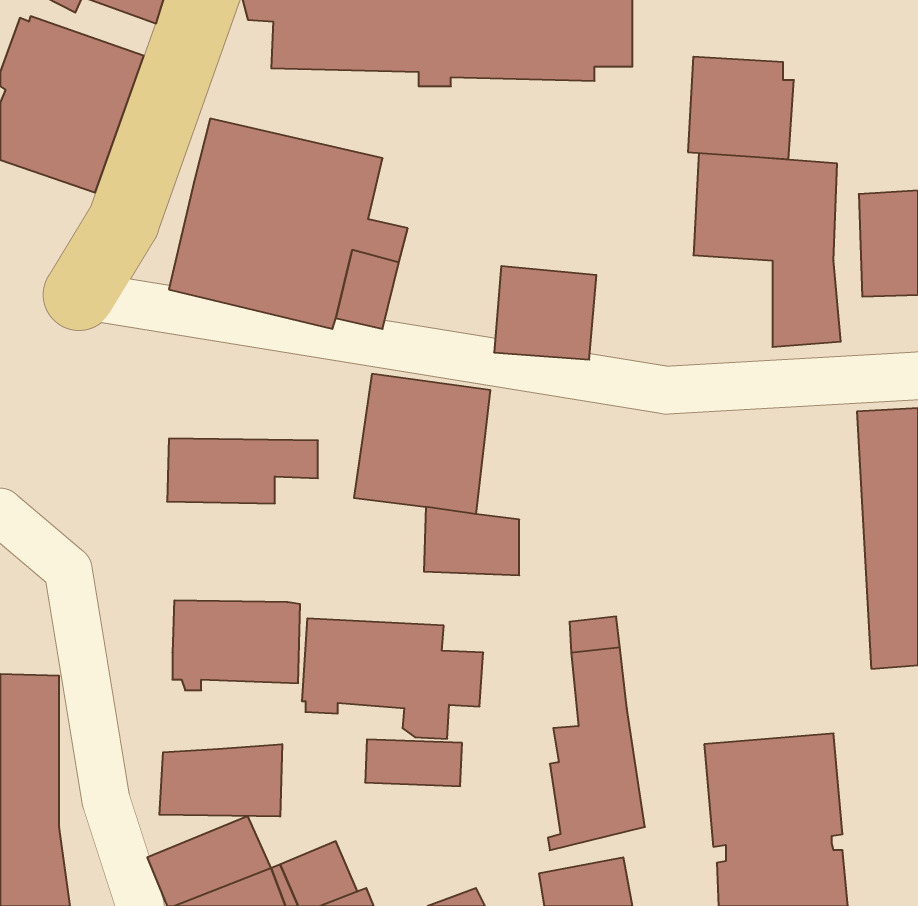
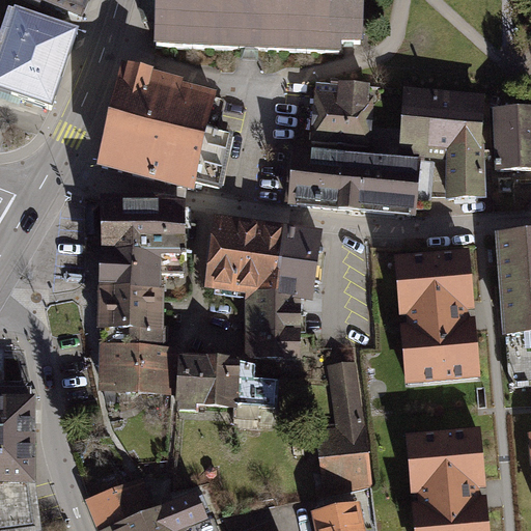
building: [688,57,794,159] -> [314,81,375,140]
building: none -> [340,159,432,214]
building: none -> [97,199,185,254]
building: none -> [275,225,326,301]
building: none -> [393,251,480,386]
building: none -> [95,289,167,347]
building: [365,739,462,786] -> [244,330,300,357]
building: [159,744,282,817] -> none

